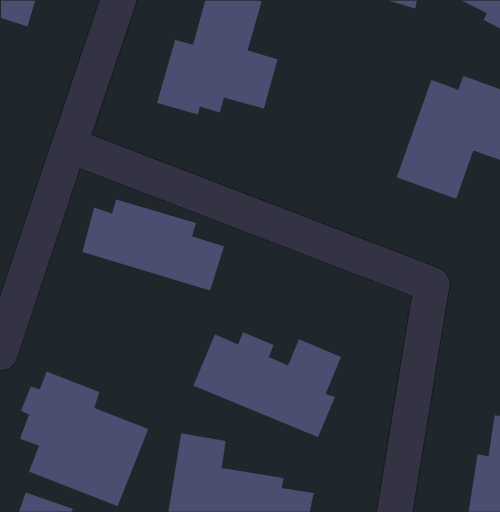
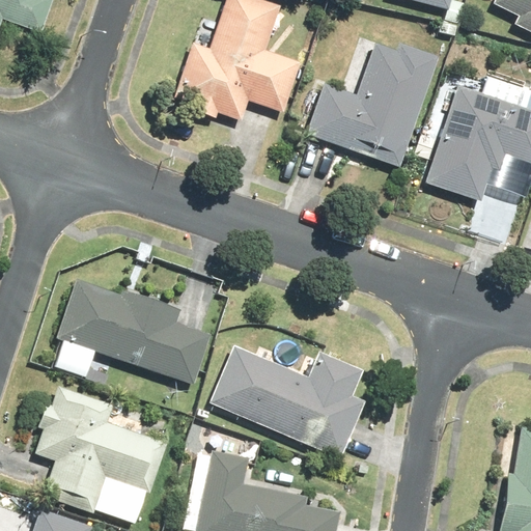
building: none -> [300,31,444,166]
building: [81,199,225,291] -> [60,284,208,380]

